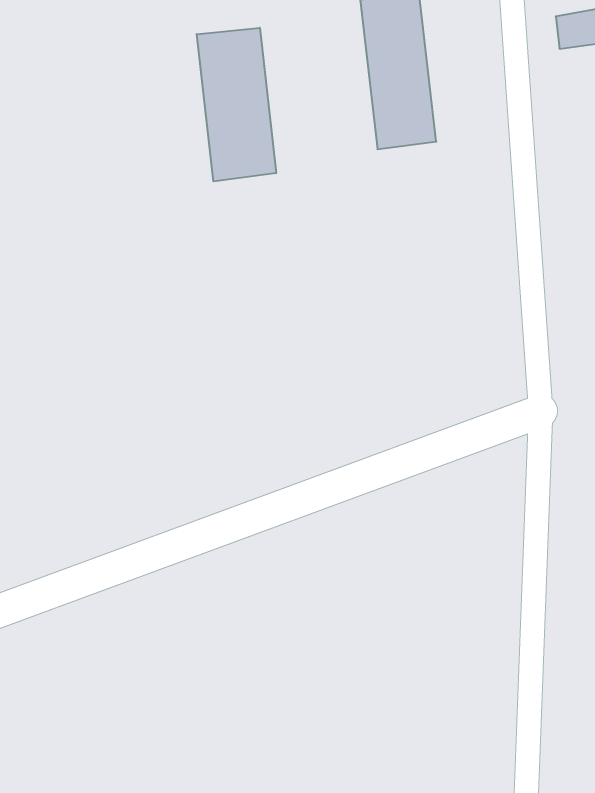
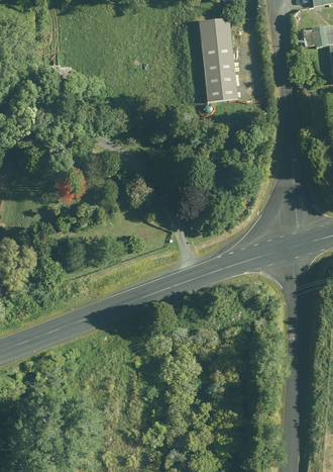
building: [197,28,276,181] -> none

